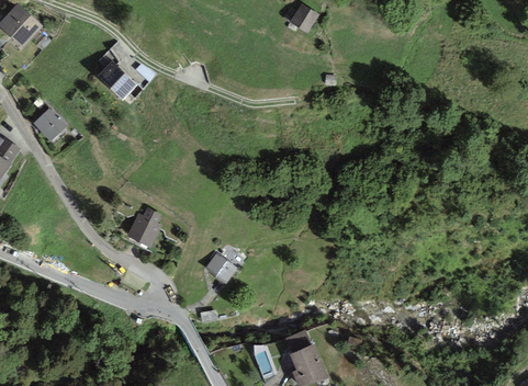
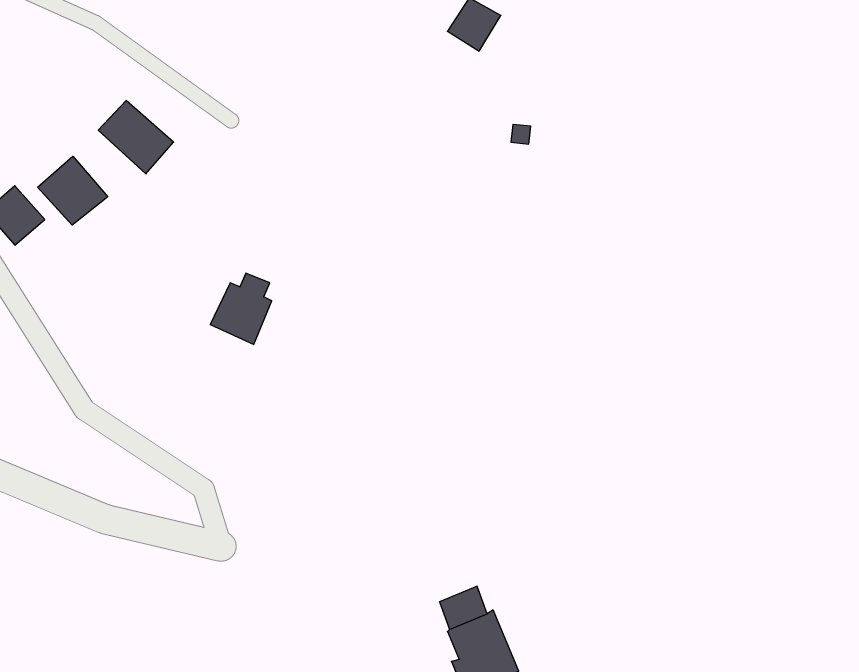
building: none -> [38,156,108,225]
building: [126,208,160,248] -> [210,273,272,344]
building: [204,253,236,284] -> none

